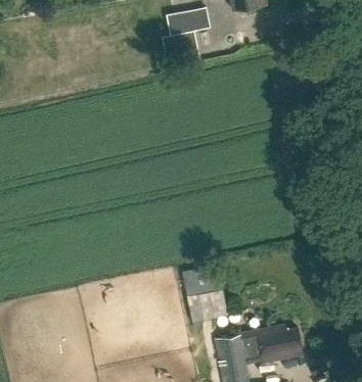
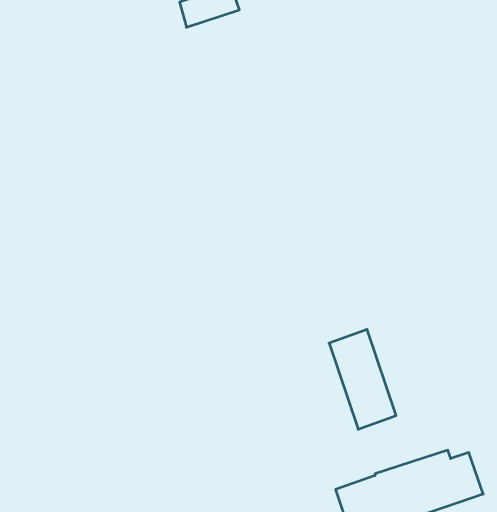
building: [191,262,225,321] -> [329,329,396,429]

